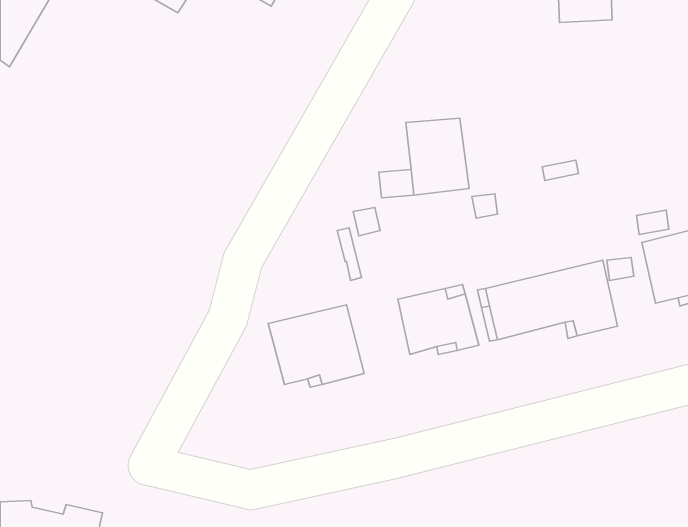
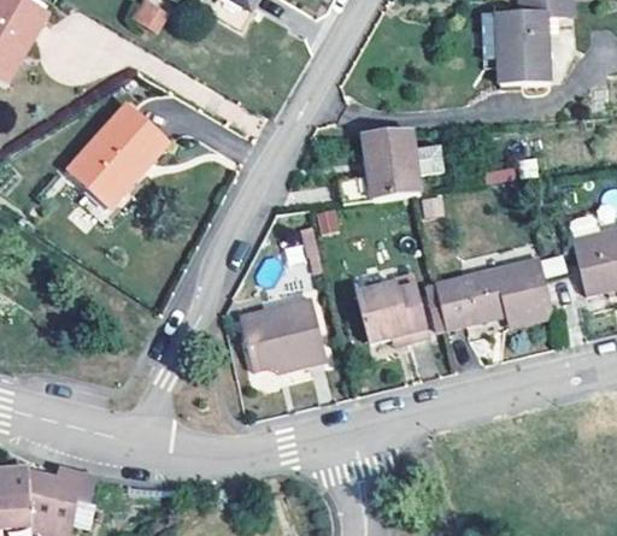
building: none -> [500,41,548,84]
building: none -> [69,106,169,207]

